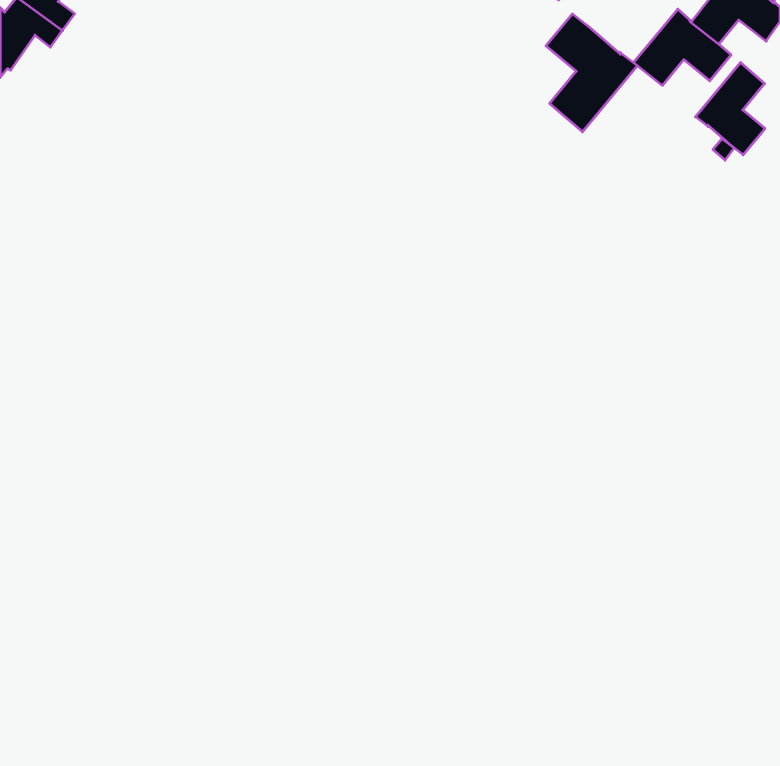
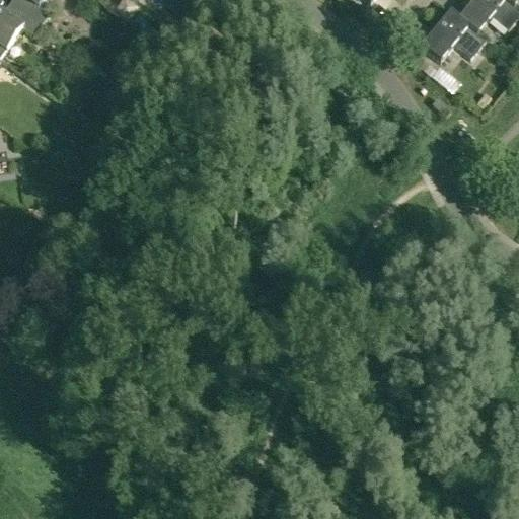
building: [546,14,637,132] -> none
building: [695,62,765,155] -> none

